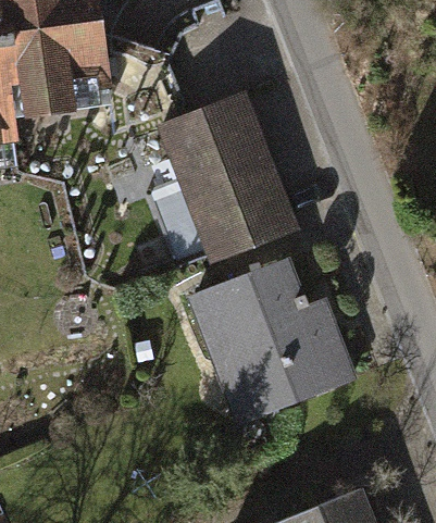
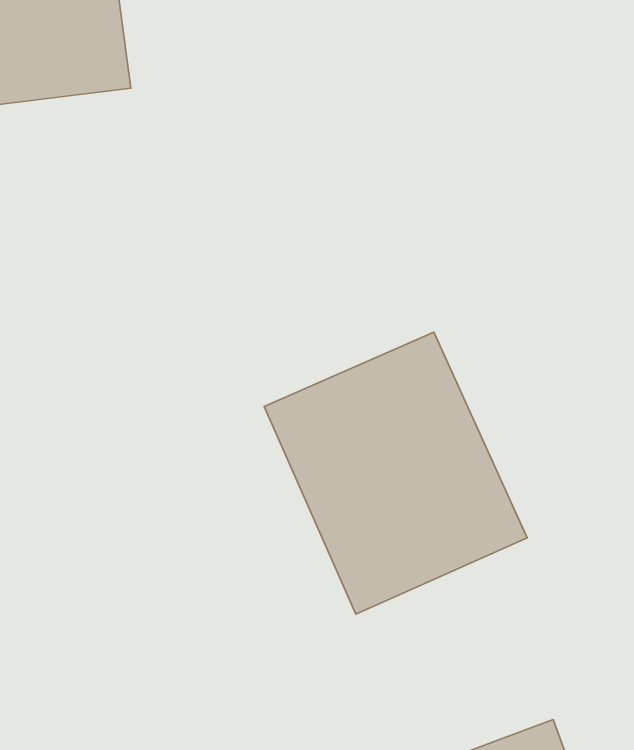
building: [158,96,299,267] -> none

